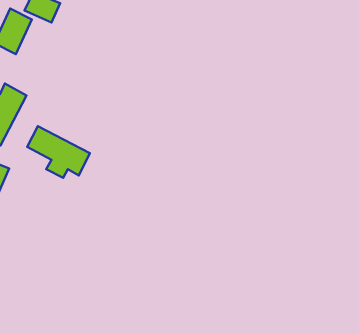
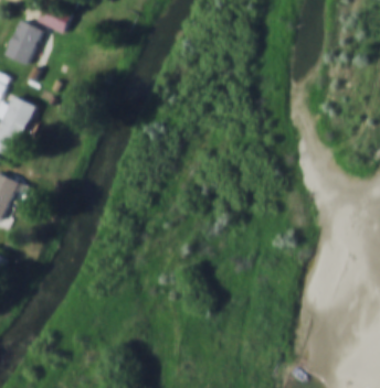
building: [27,126,90,178] -> none

